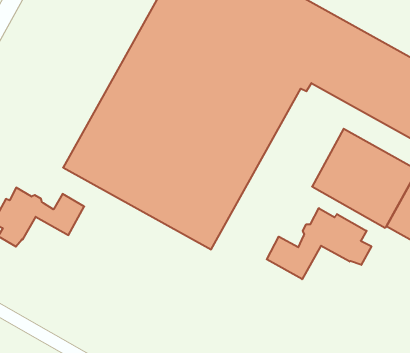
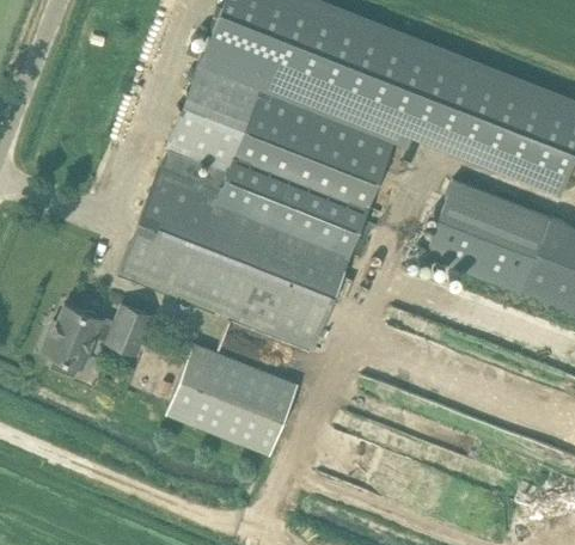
building: [267,208,371,279] -> none
building: none -> [167,343,299,455]

